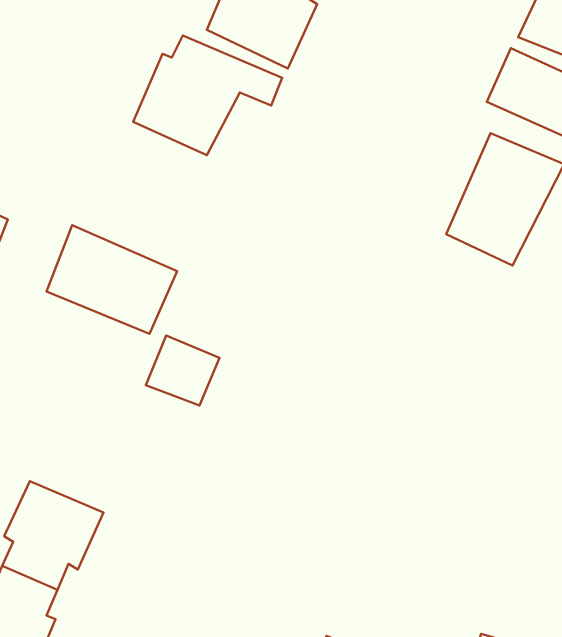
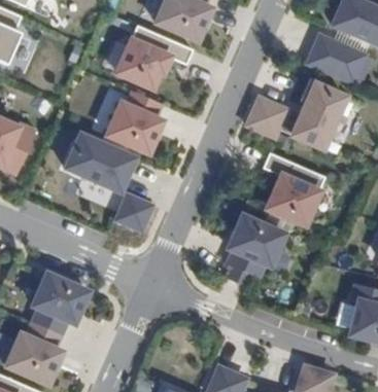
building: none -> [101,91,165,156]
building: none -> [248,96,289,140]
building: none -> [260,152,328,229]
building: none -> [221,213,284,284]

